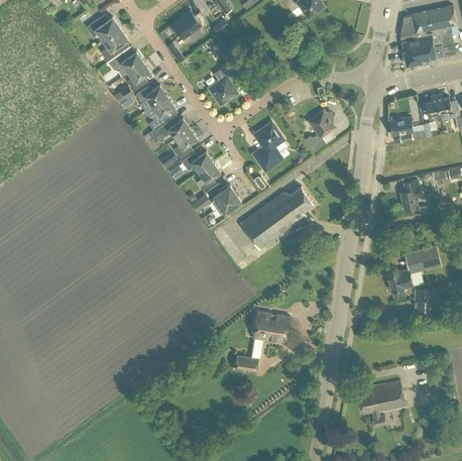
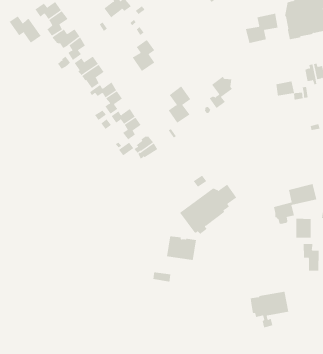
building: none -> [245,13,278,44]
building: none -> [9,15,42,43]
building: [399,180,420,210] -> none
building: [240,186,313,249] -> [179,184,237,234]
building: none -> [303,243,319,272]

